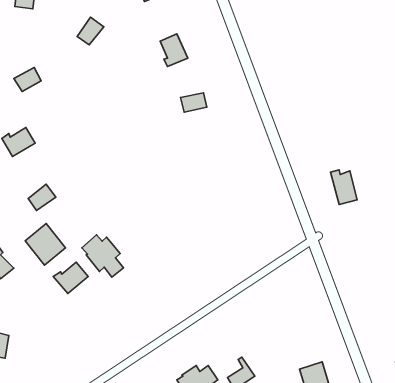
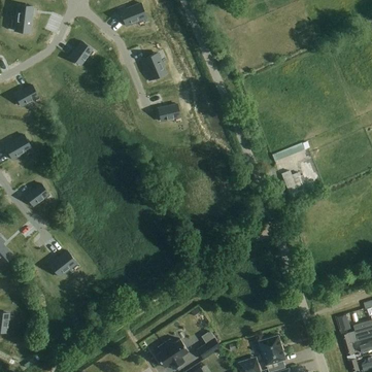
building: none -> [275,143,311,170]
building: [25,224,66,265] -> none
building: [82,235,123,277] -> none

